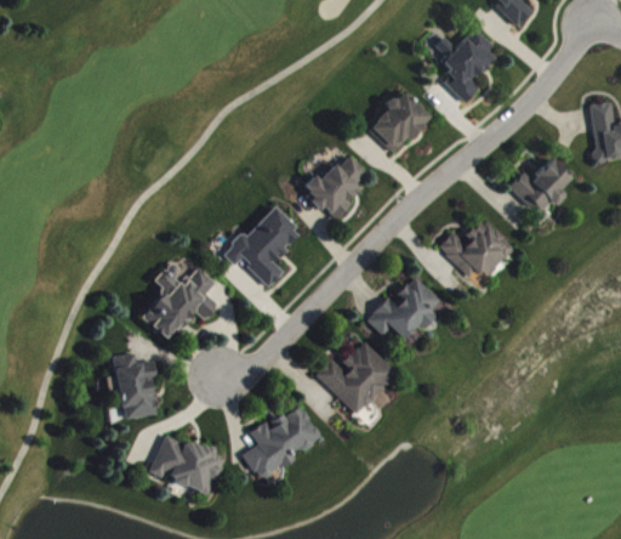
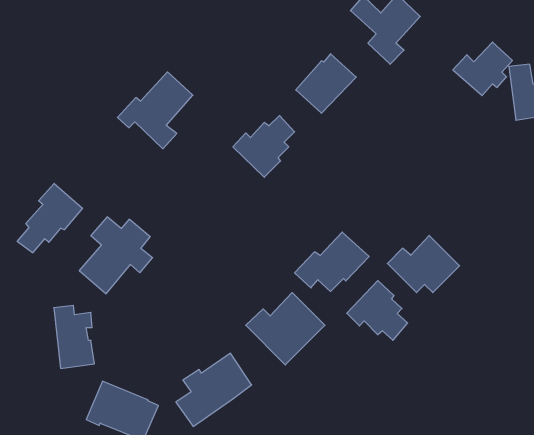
building: [509,158,571,214] -> [453,42,512,96]
building: [222,206,301,286] -> [117,72,193,149]
building: [439,217,514,277] -> [387,235,460,293]
building: none -> [17,183,82,253]
building: none -> [347,281,408,340]

